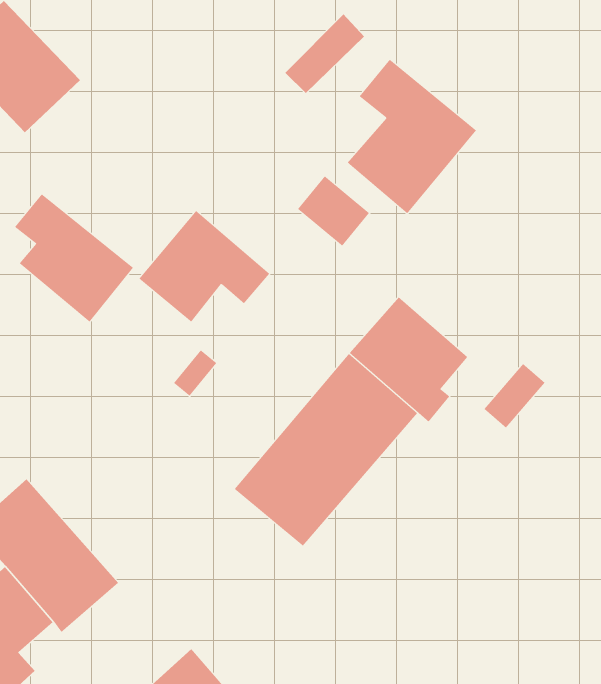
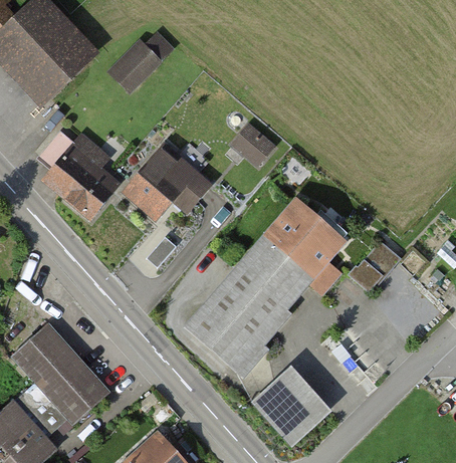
building: [285,14,365,94] -> [117,34,170,87]
building: [347,59,477,214] -> none
building: none -> [250,367,326,444]

